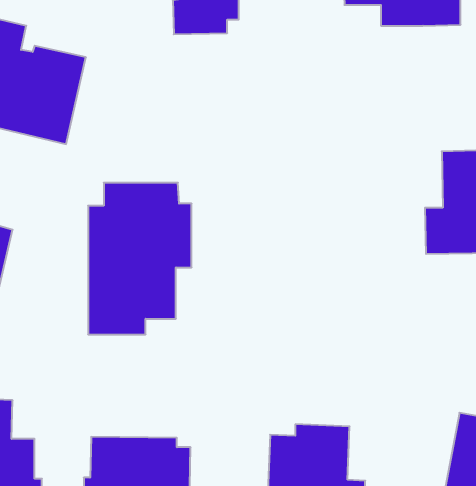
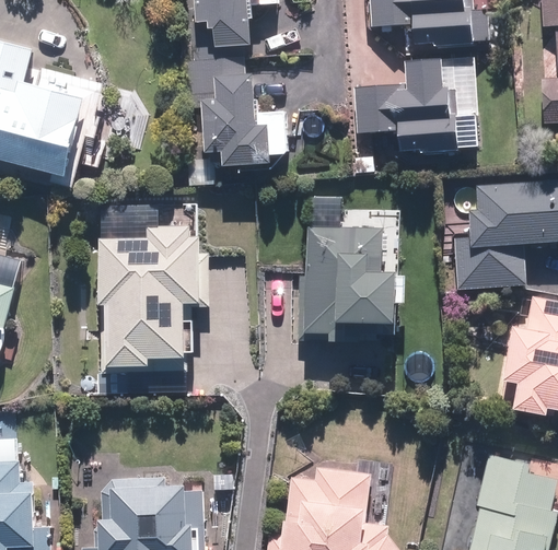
building: none -> [352,50,479,150]
building: none -> [187,58,294,169]
building: none -> [294,199,405,342]

